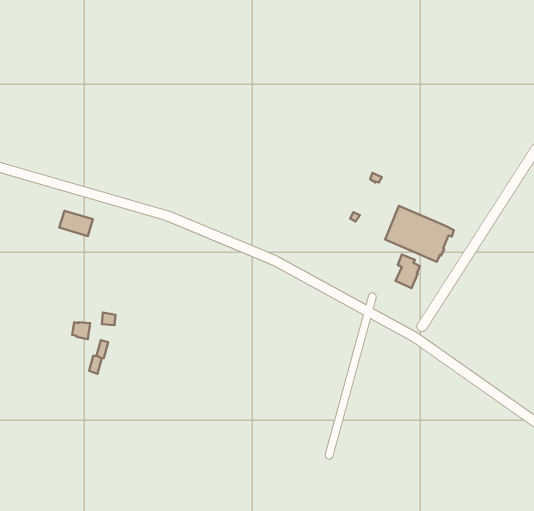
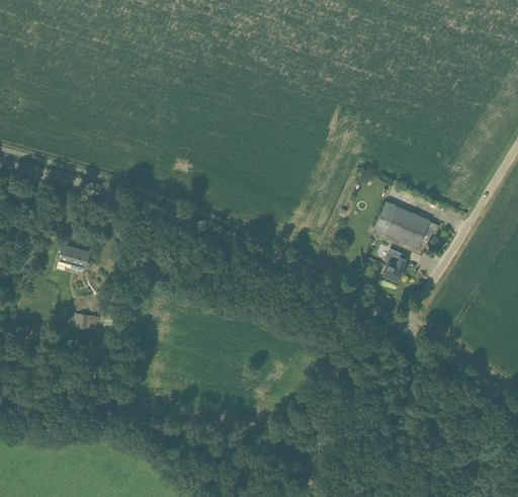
building: [59,211,93,236] -> [58,243,90,267]

